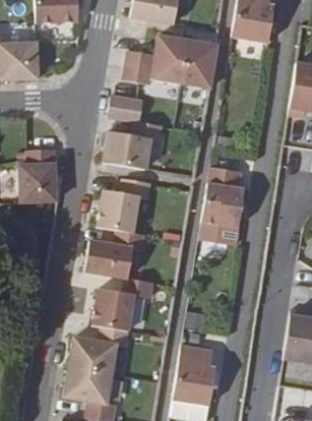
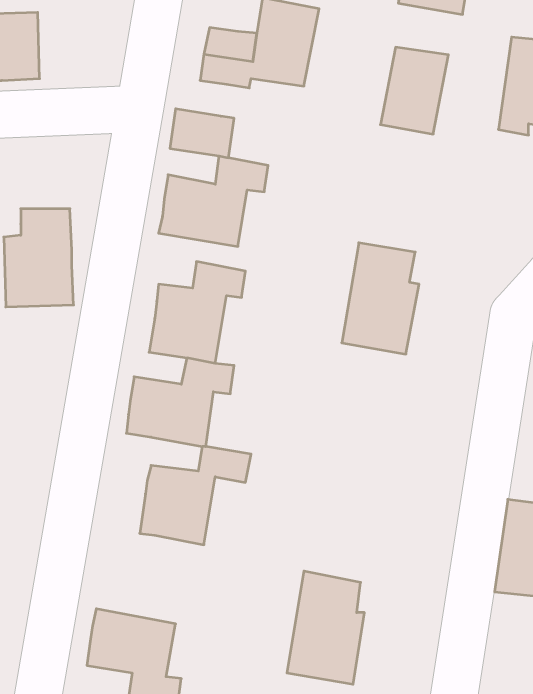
building: [180,42,216,88] -> [380,47,448,134]
building: [68,325,126,373] -> none

